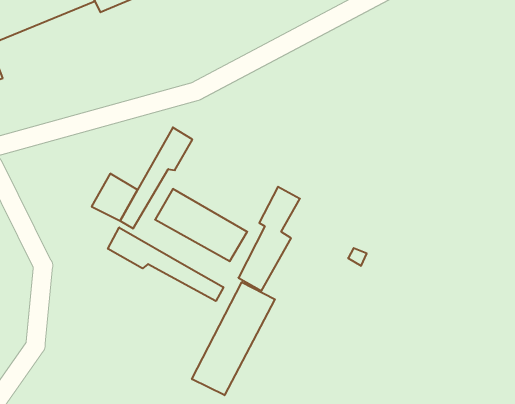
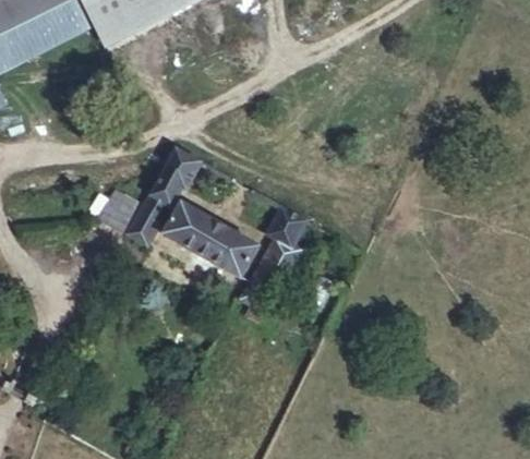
building: [108,227,223,301] -> none
building: [192,282,275,395] -> none

